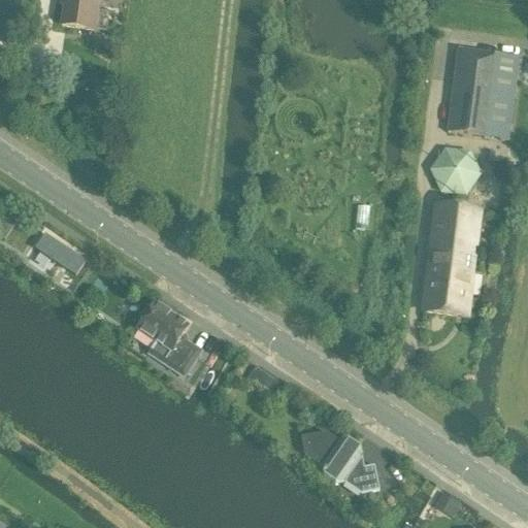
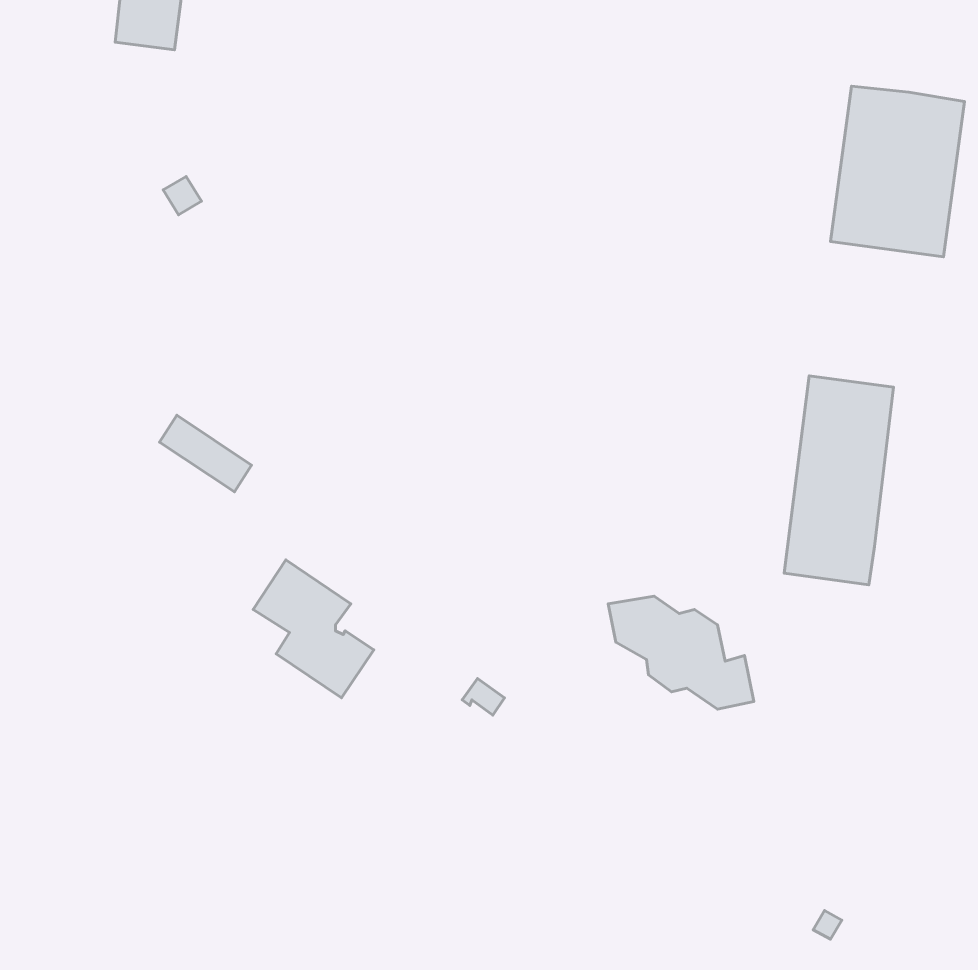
building: [430,147,482,194] -> none
building: [36,231,86,272] -> [160,415,252,492]
building: [302,431,381,492] -> [608,596,754,709]

